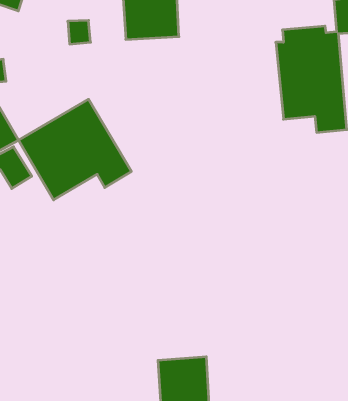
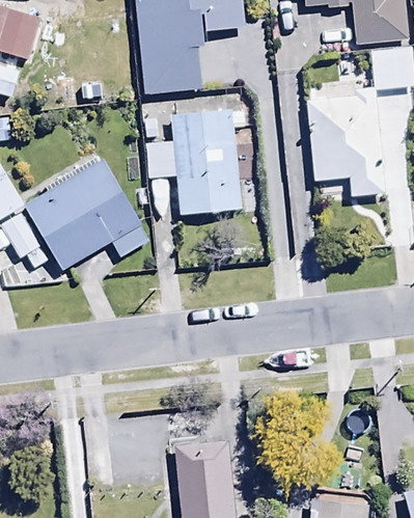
building: none -> [143,107,255,215]

